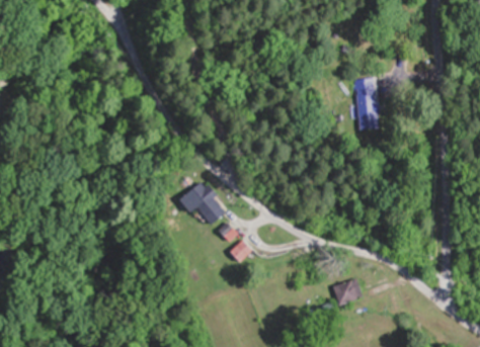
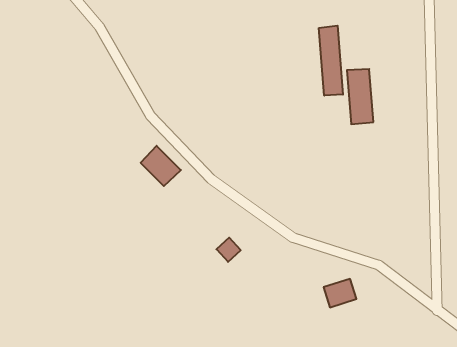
building: none -> [319,26,343,96]
building: [184,180,223,219] -> [141,146,181,186]

